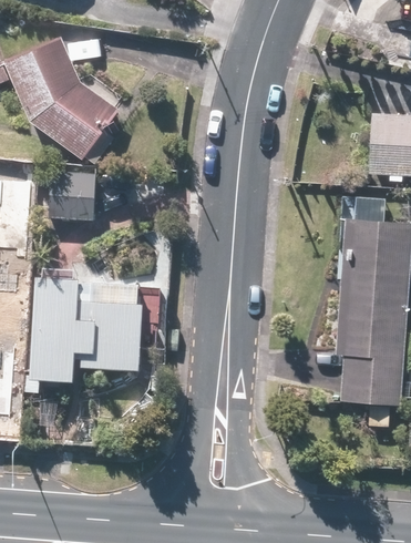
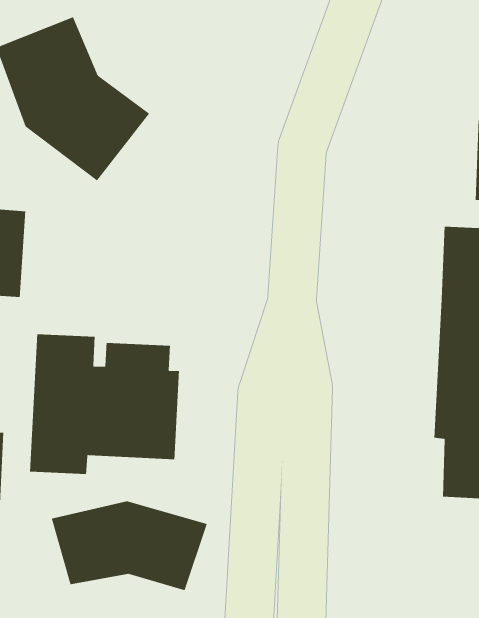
building: [45,170,96,221] -> none
building: none -> [51,501,208,591]

